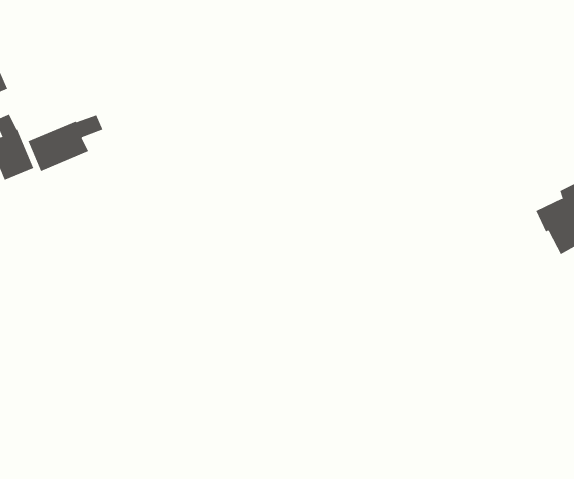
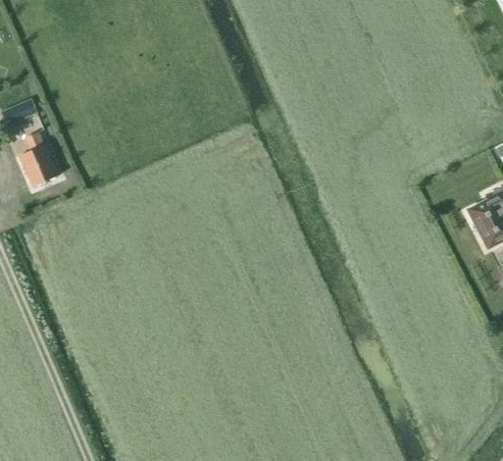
building: [28,115,103,172] -> none

